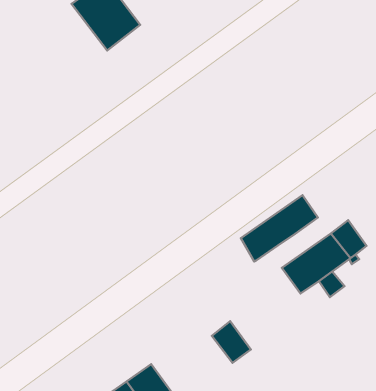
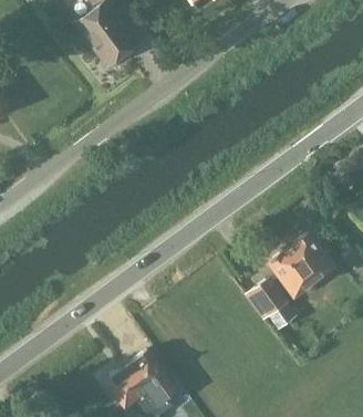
building: [241,195,318,262] -> none
building: [212,321,251,363] -> [250,281,286,319]

